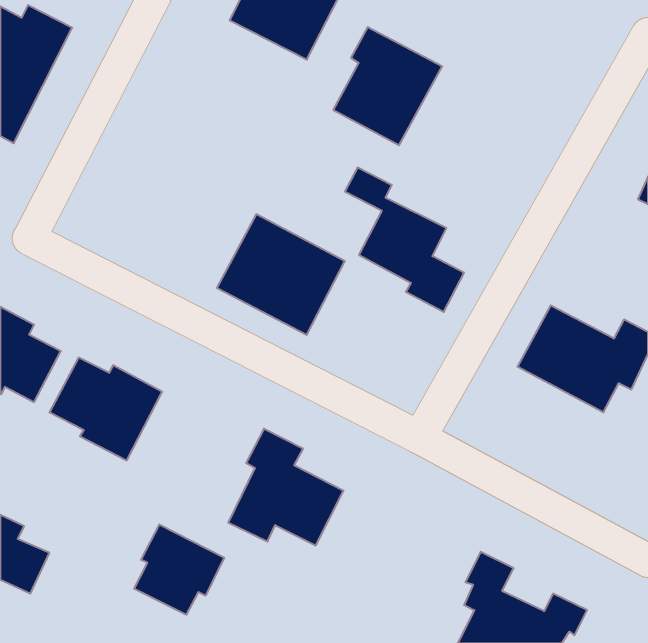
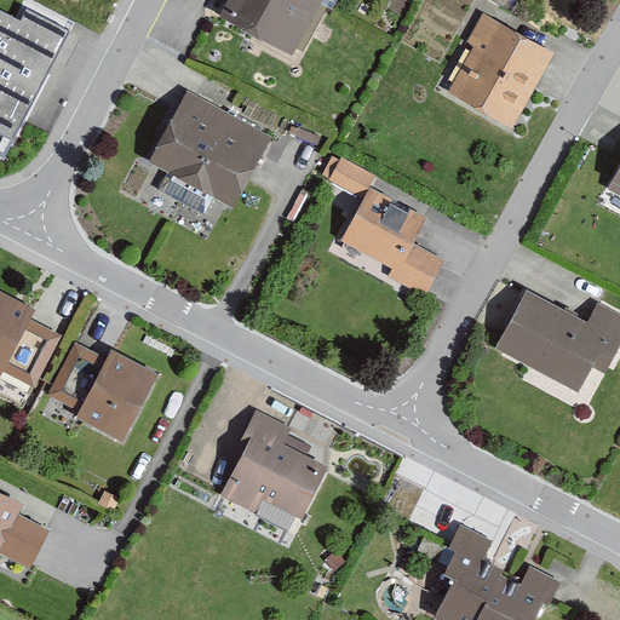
building: [333,27,442,145] -> [448,15,552,127]
building: [217,214,345,335] -> [148,93,270,208]
building: [134,524,224,615] -> none

